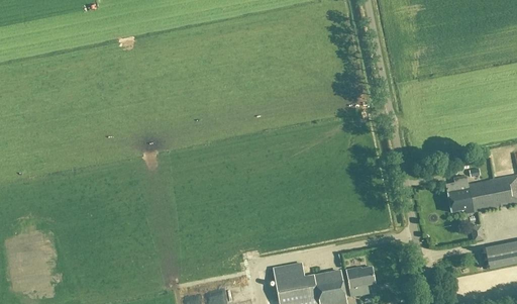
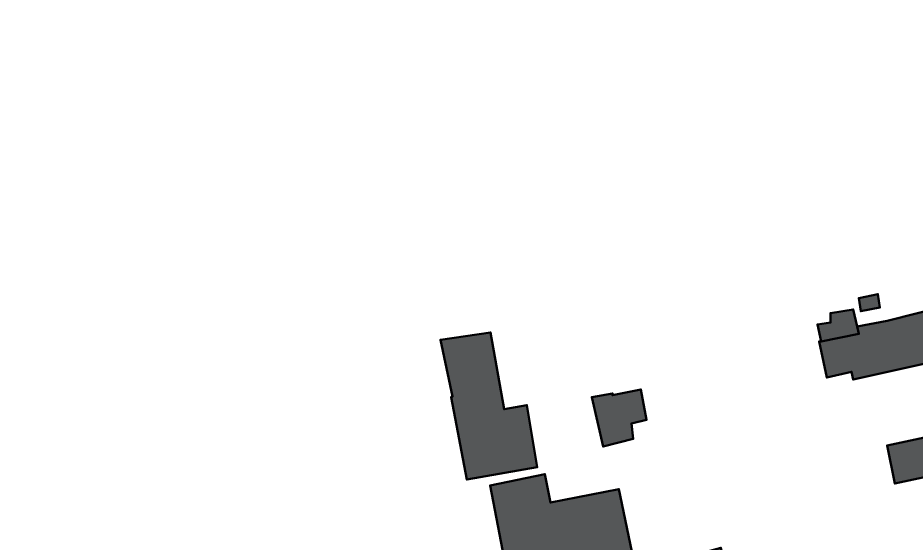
building: none -> [441,333,537,480]
building: [346,267,376,297] -> [592,390,647,446]

